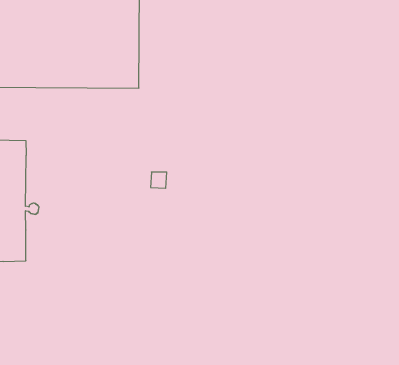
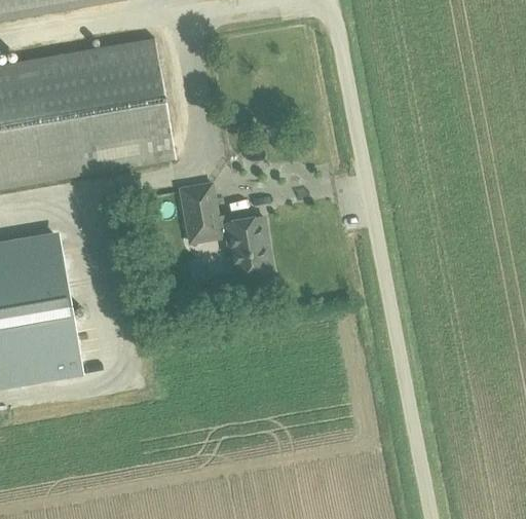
building: none -> [181,181,272,275]

